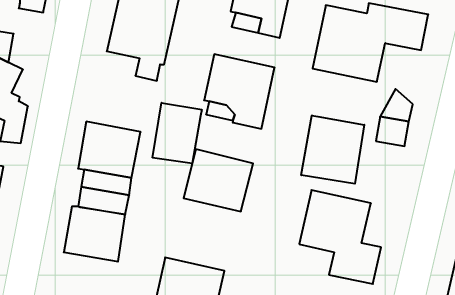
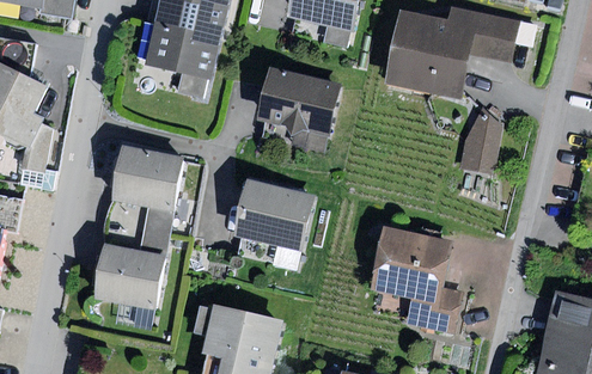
building: [153,103,202,163] -> none
building: [301,115,364,184] -> none

